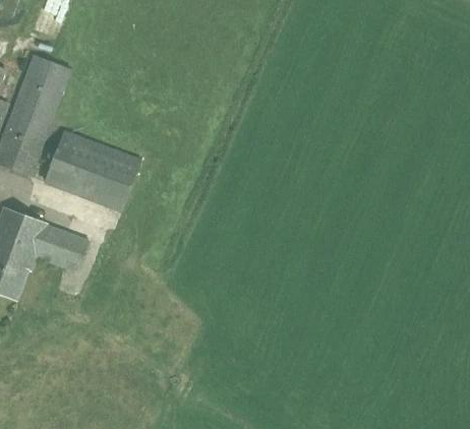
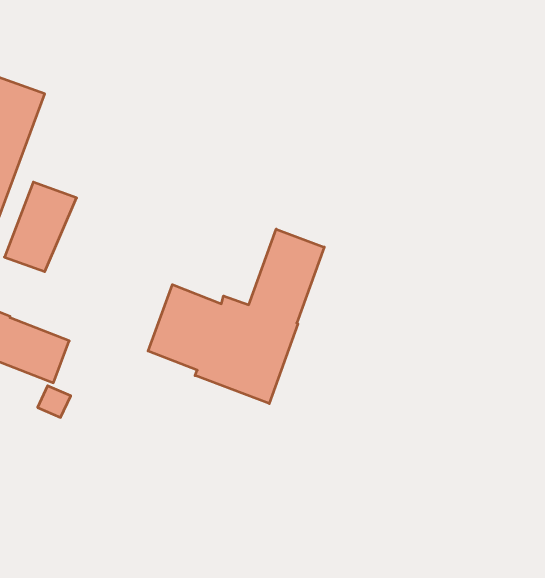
building: [75,141,141,211] -> none
building: none -> [148,229,324,404]

